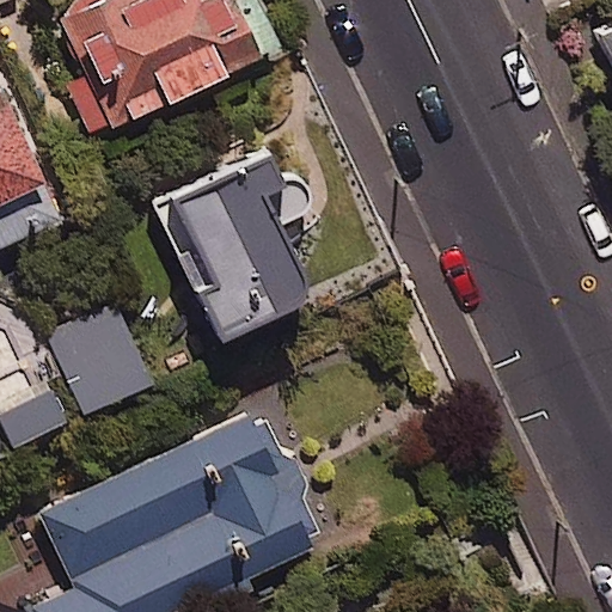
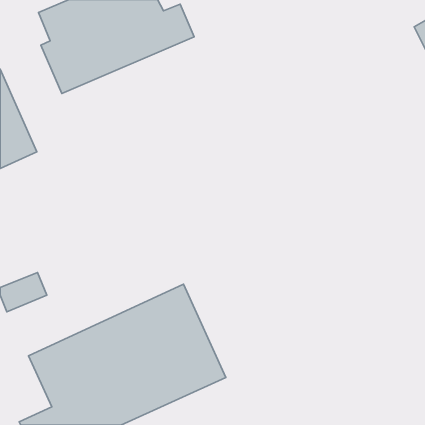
building: [153,153,310,341] -> none
building: [42,288,149,414] -> none

